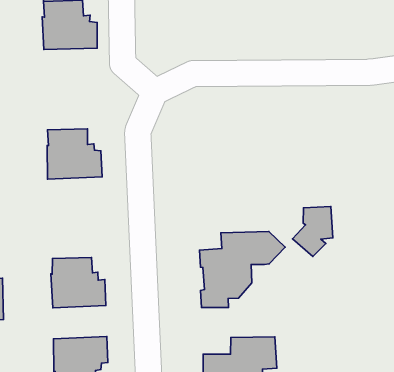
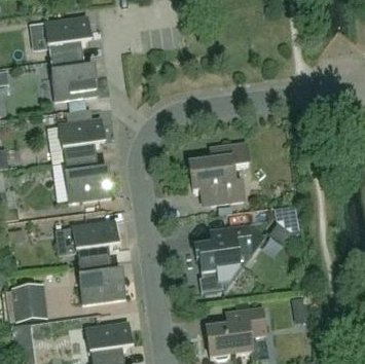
building: none -> [59,118,104,162]
building: none -> [190,143,249,203]
building: none -> [73,220,118,264]

